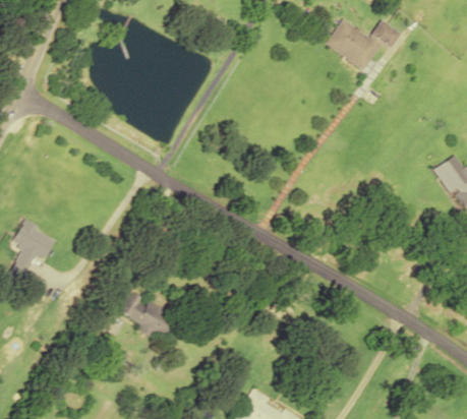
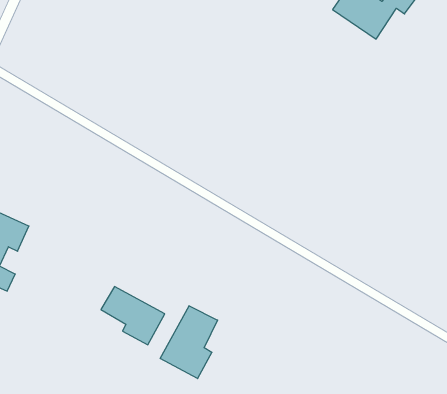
building: none -> [160,306,218,379]

